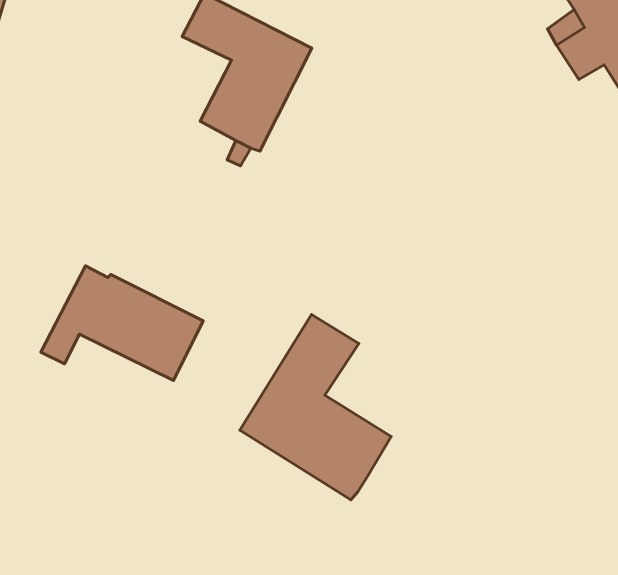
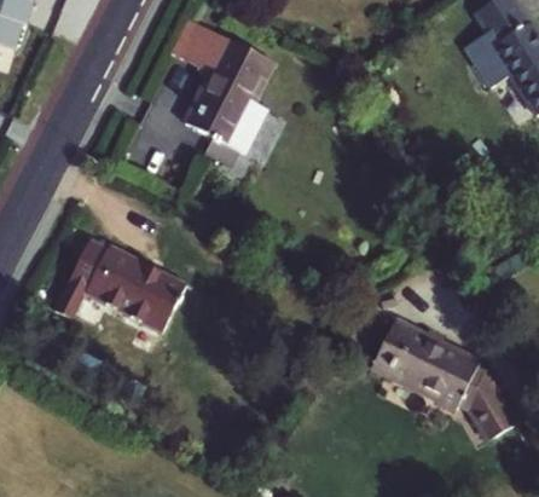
building: [240,315,391,500] -> none
building: none -> [373,319,512,437]

